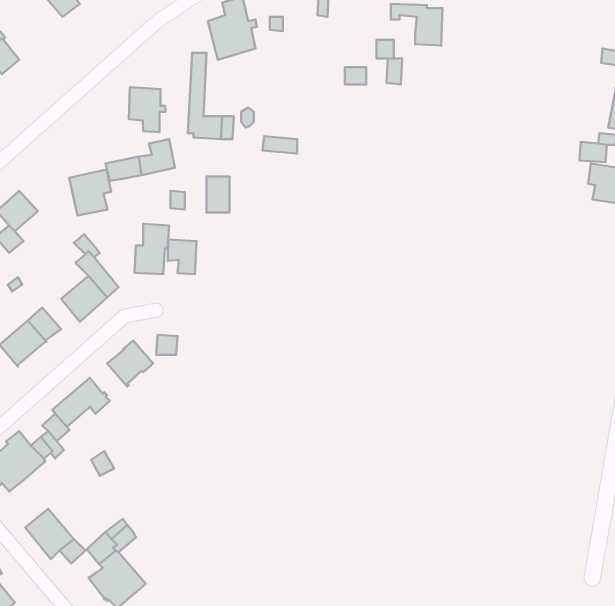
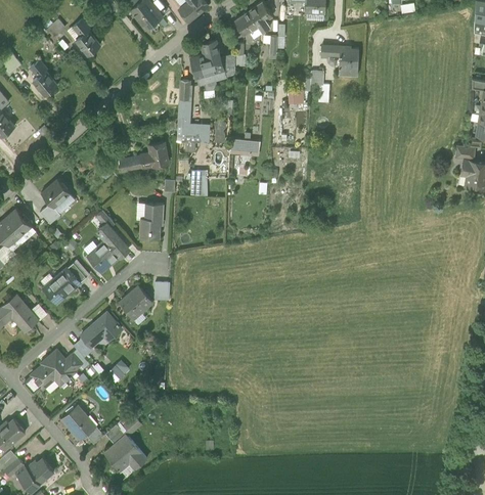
building: [129,87,165,132] -> none
building: [69,170,111,216] -> none
building: [168,239,196,274] -> none

